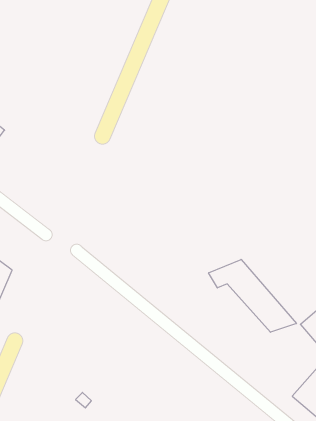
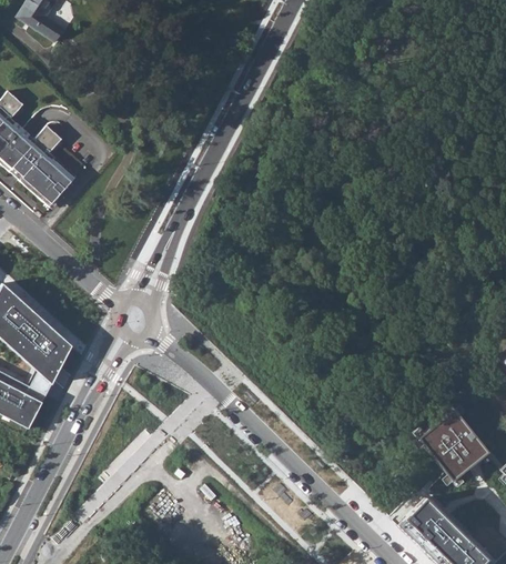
building: [209,259,296,332] -> none

